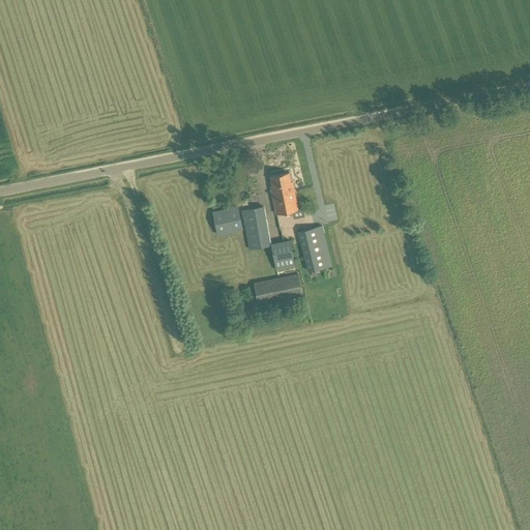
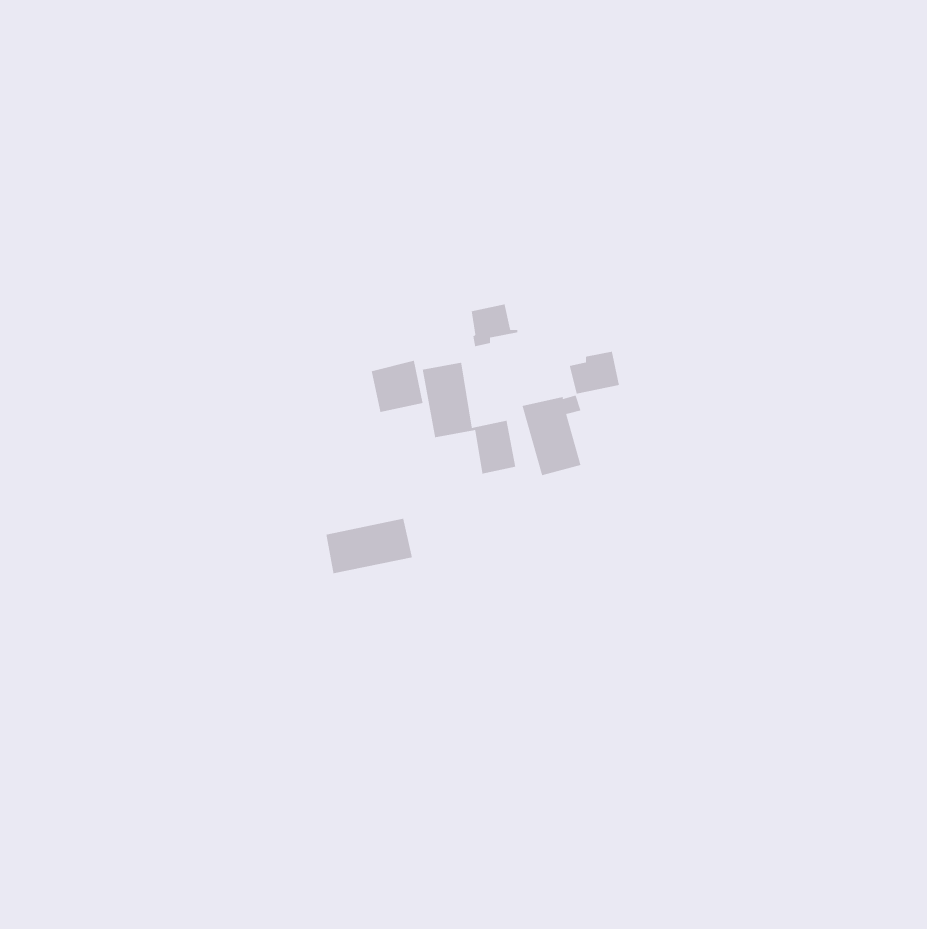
building: [270,189,299,214] -> [569,351,620,395]
building: [253,273,302,305] -> [326,518,413,574]

